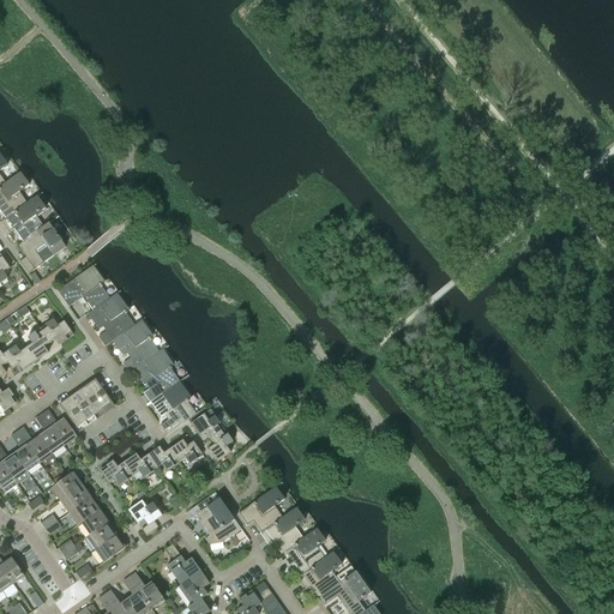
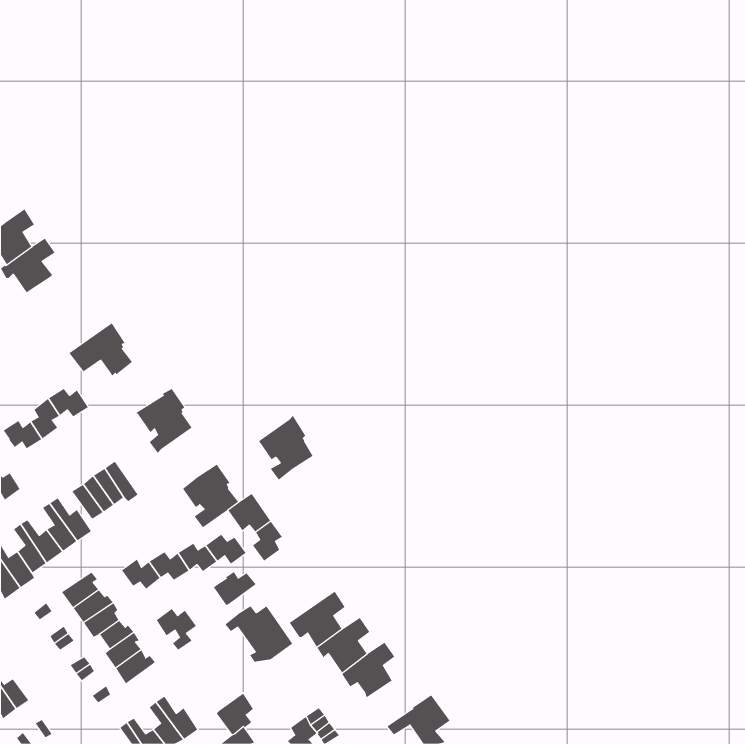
building: [17,222,65,272] -> none
building: [88,293,134,345] -> none
building: [133,348,179,402] -> [258,415,314,481]
building: none -> [213,571,257,606]
building: [165,543,200,584] -> none
building: [296,552,342,597] -> none

